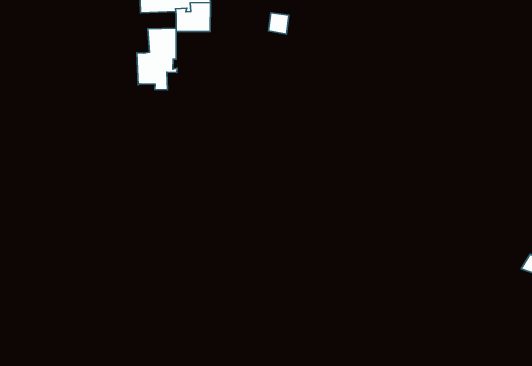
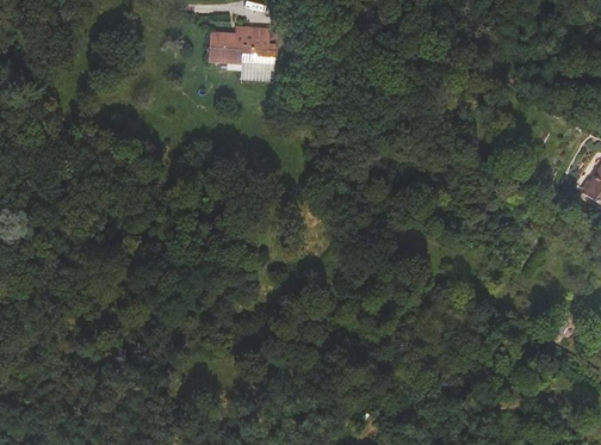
building: [137,28,177,90] -> none

